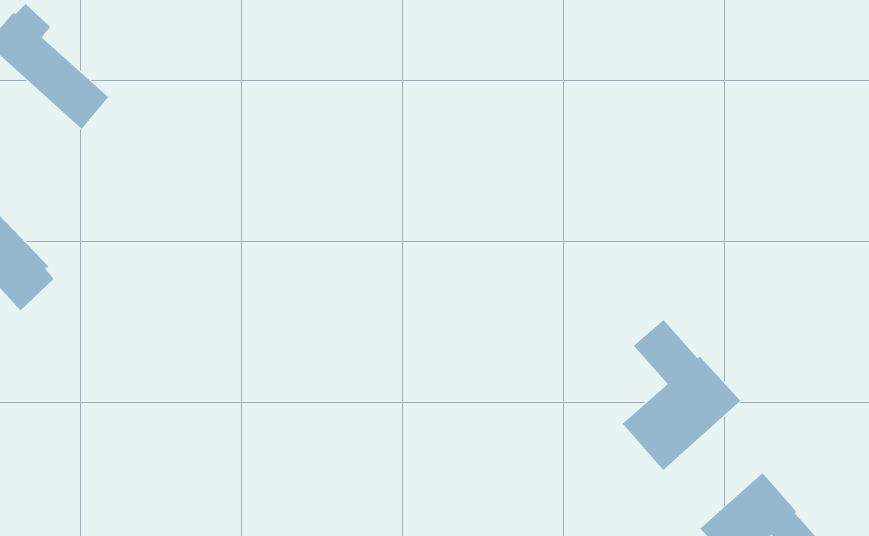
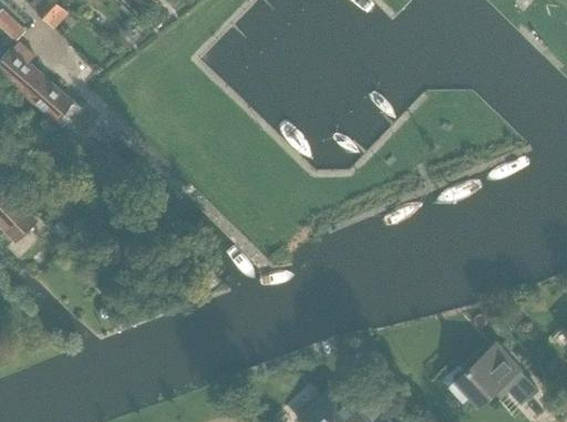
building: [622,319,741,471] -> none

